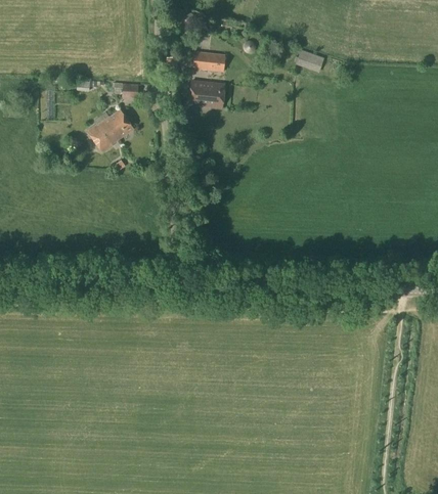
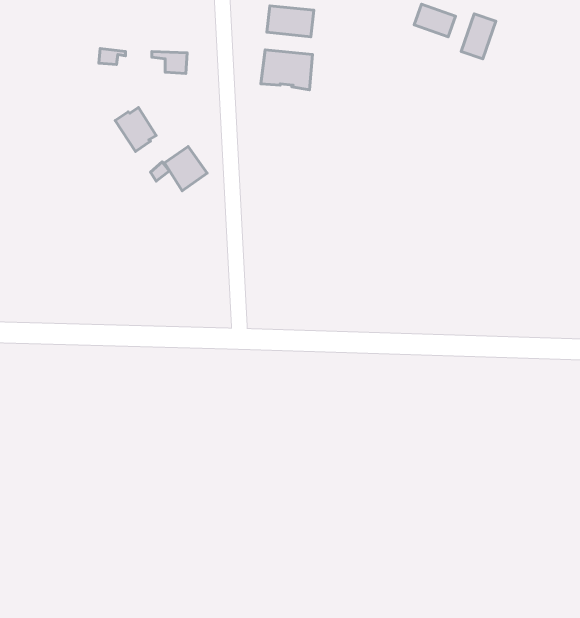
building: none -> [461,14,496,59]
building: [103,109,133,140] -> [165,147,207,191]

